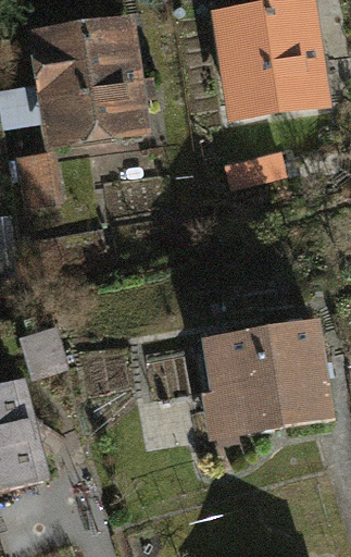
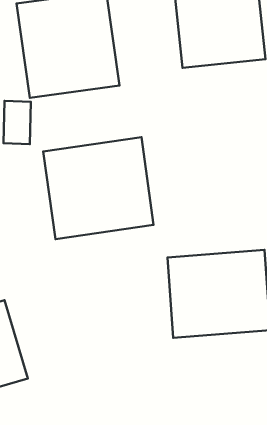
building: none -> [43,137,154,239]

